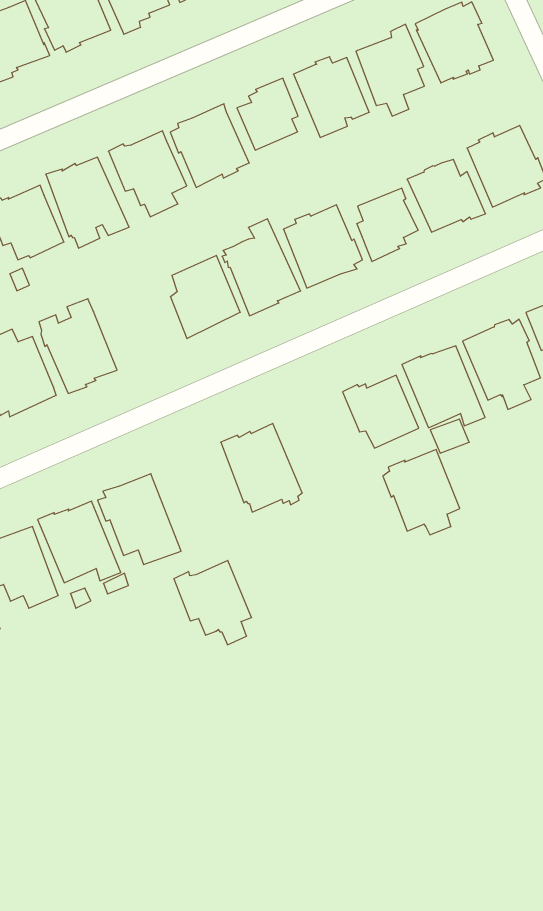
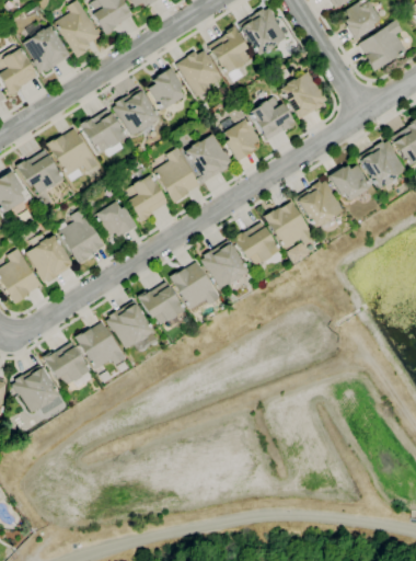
building: none -> [93,202,136,238]
building: [383,450,460,535] -> [201,241,247,289]
building: [174,560,252,645] -> [138,282,185,329]

